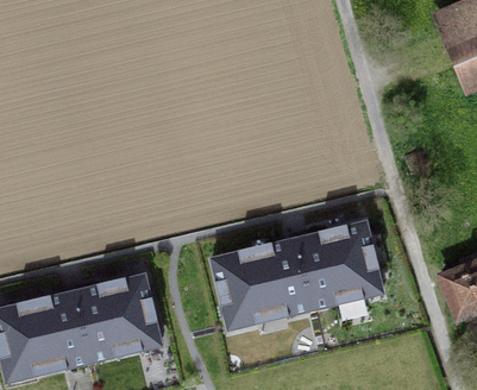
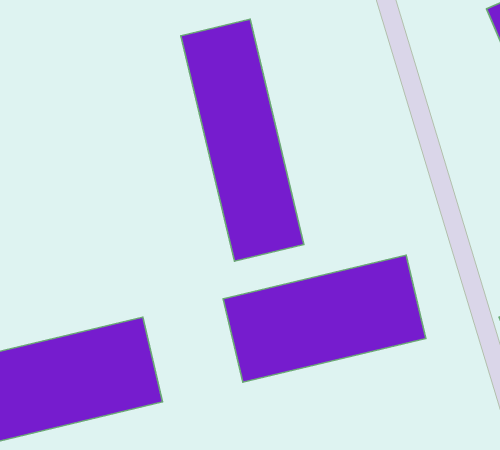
building: none -> [181,19,304,261]

